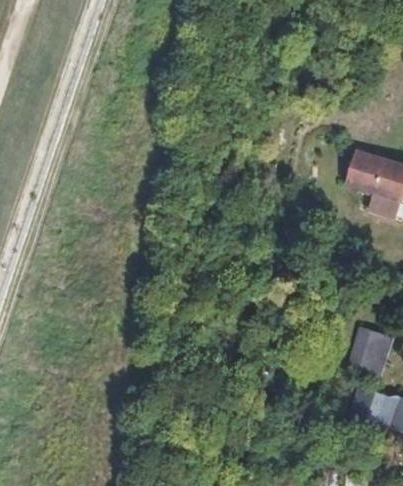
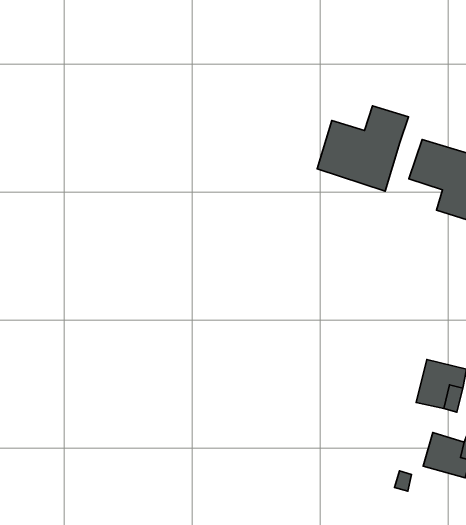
building: none -> [317,106,409,191]

